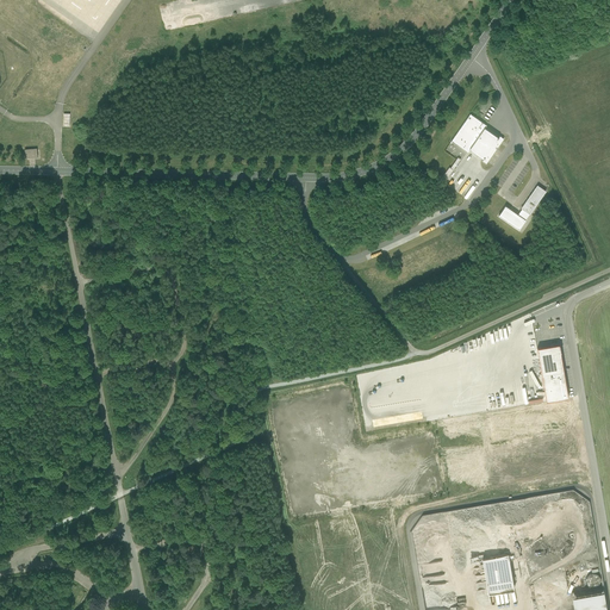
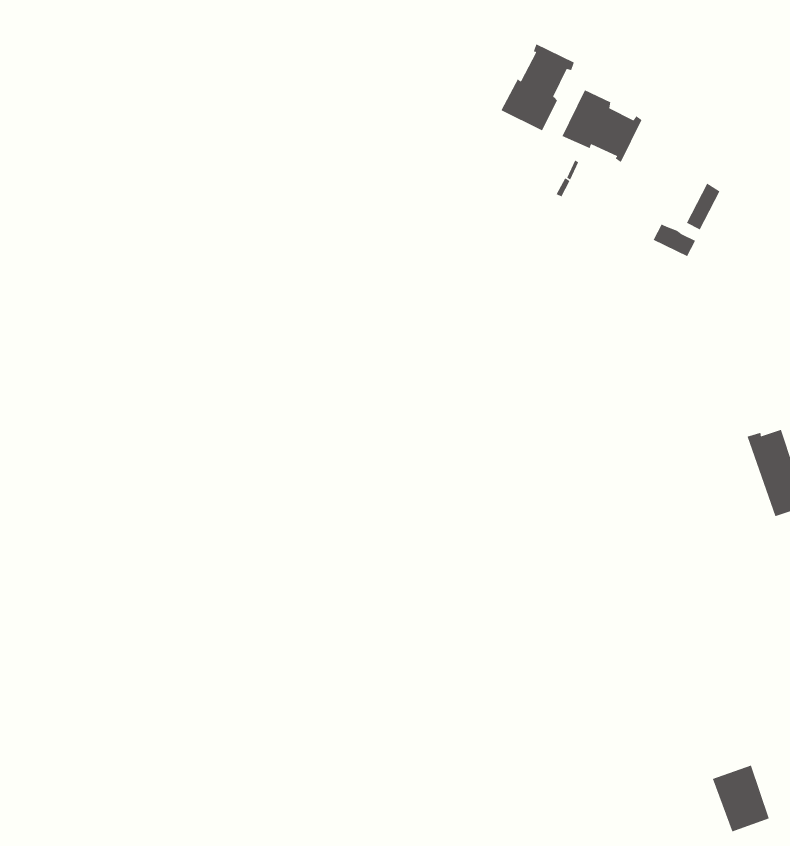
building: none -> [498,43,575,131]

